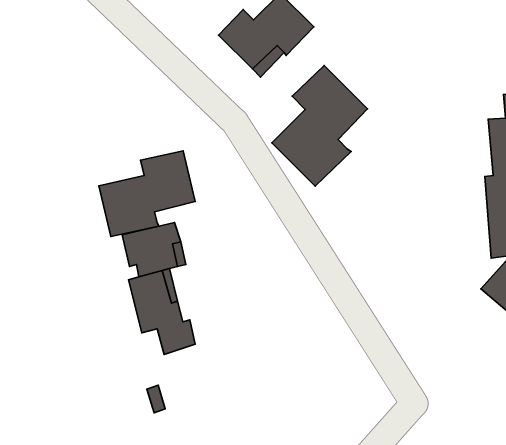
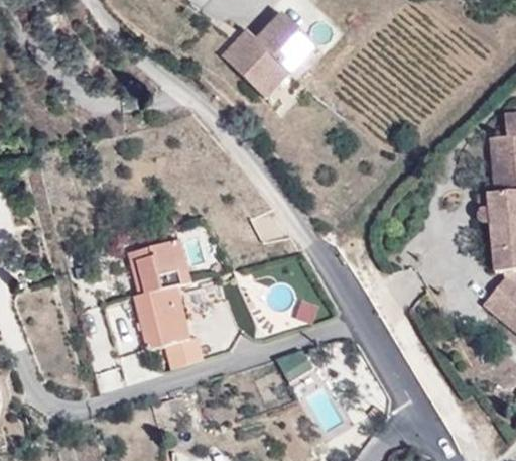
building: [272,66,368,186] -> none
building: [99,151,195,237] -> none

